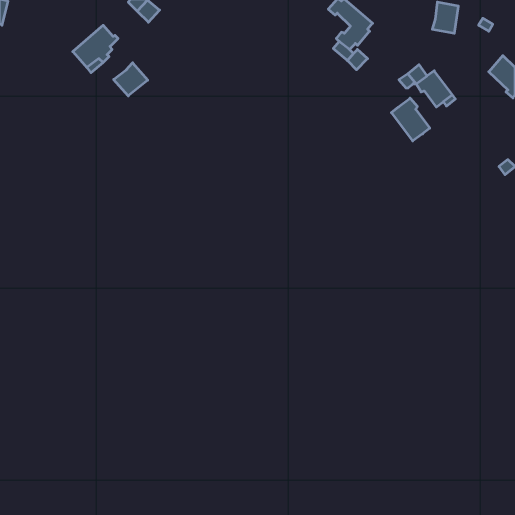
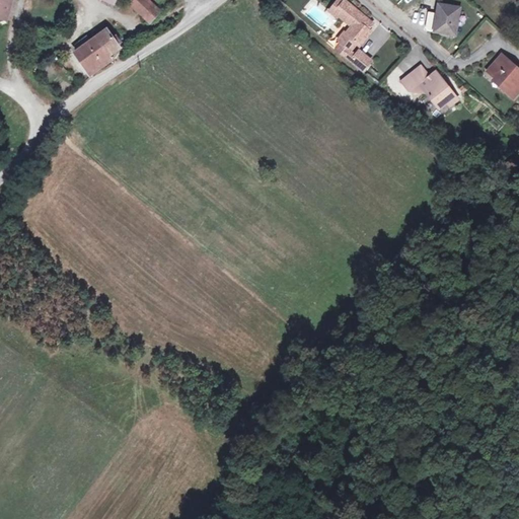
building: [114,63,148,96] -> none
building: [391,98,430,141] -> none

